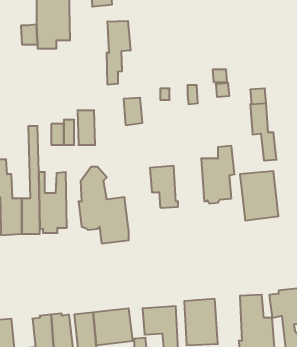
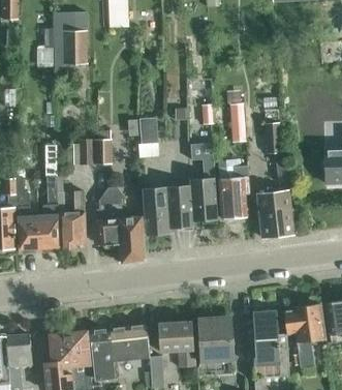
building: [107,21,130,85] -> none
building: none -> [189,143,216,219]
building: none -> [141,186,176,233]

